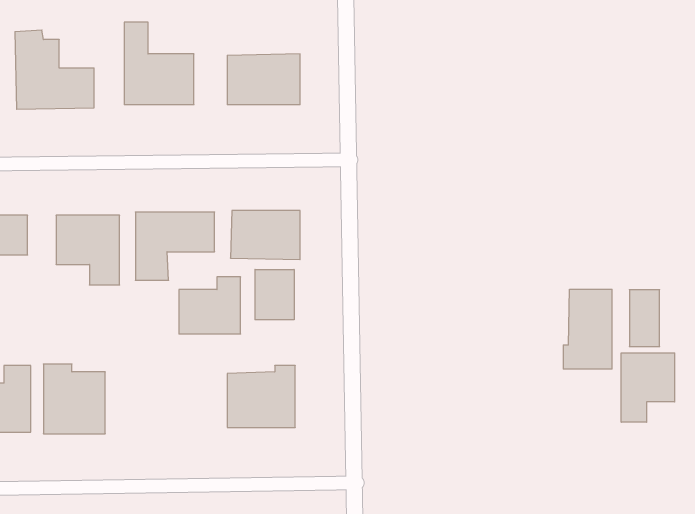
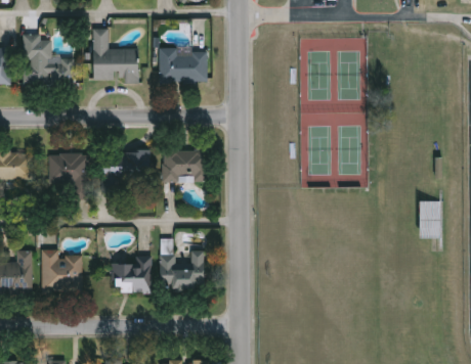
building: [255,269,294,320] -> none
building: [179,277,241,334] -> [112,256,152,292]
building: [563,289,612,369] -> none
building: [621,353,675,422] -> none

